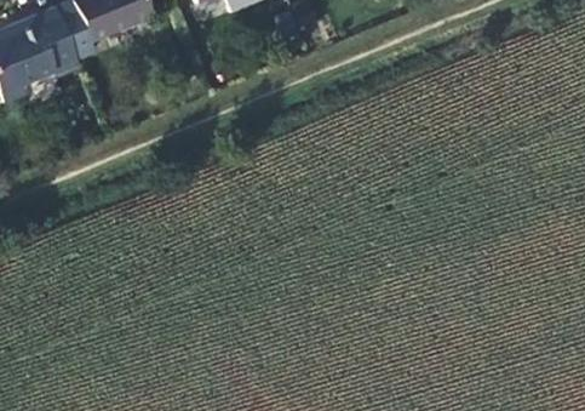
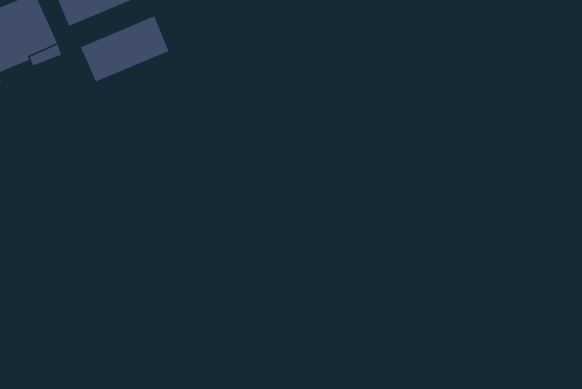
building: none -> [80,15,169,82]

